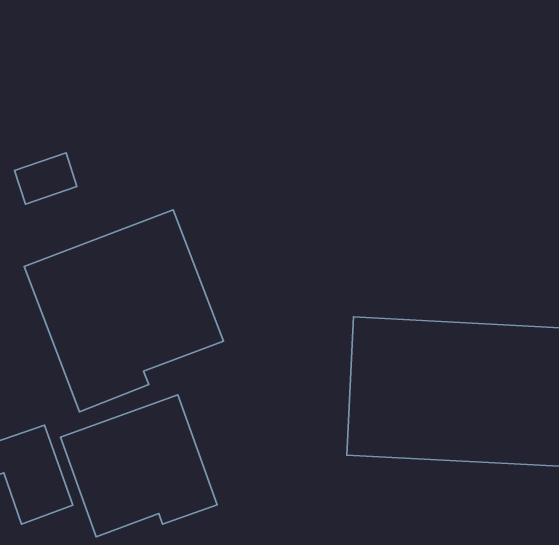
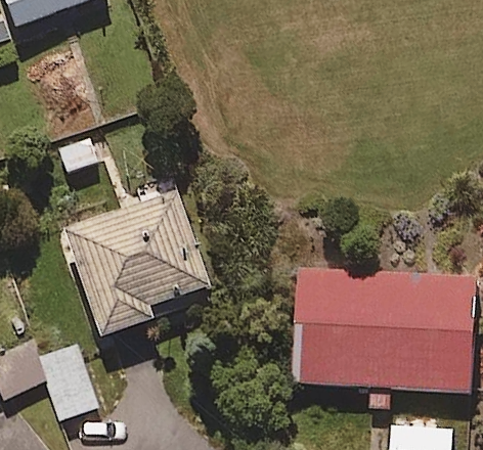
building: [60,395,217,537] -> none

